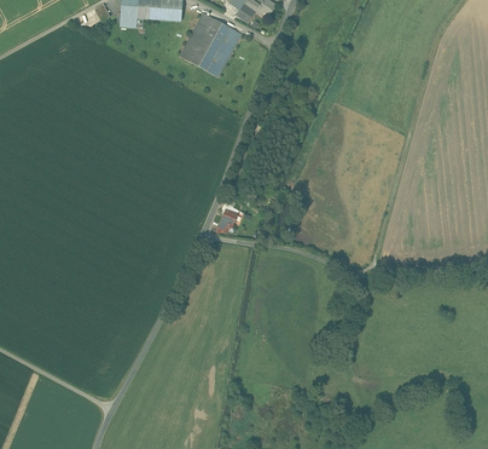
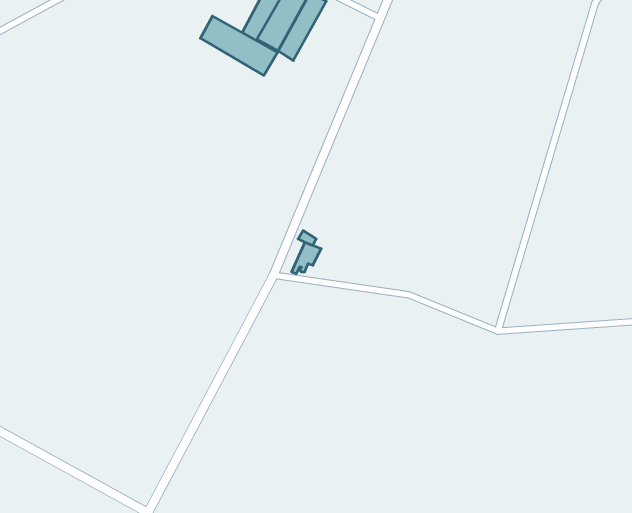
building: none -> [200,16,278,75]

